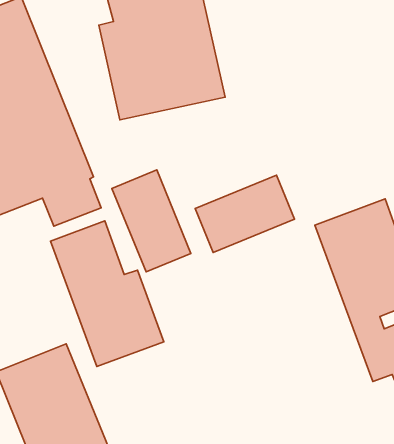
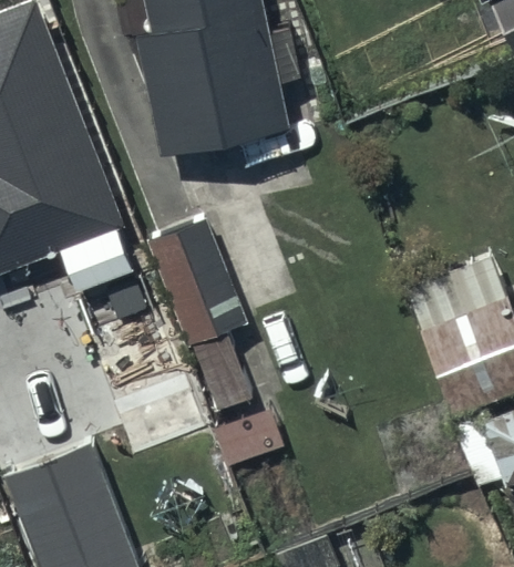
building: [195,175,294,253] -> none

